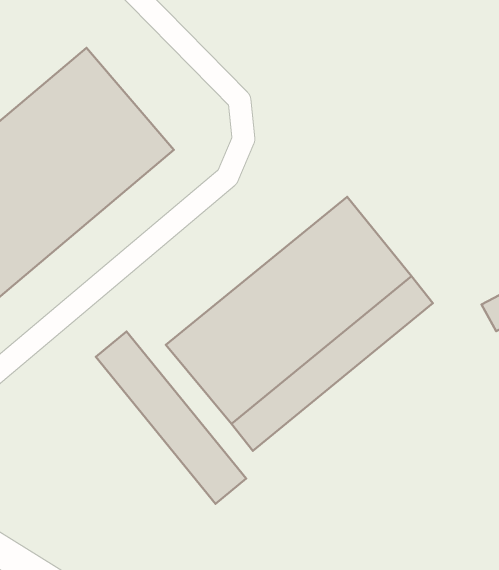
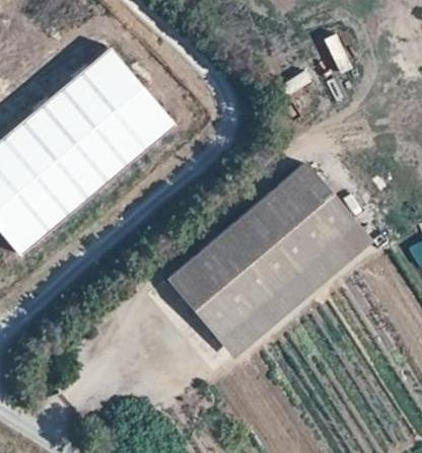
building: [96,331,246,504] -> none

